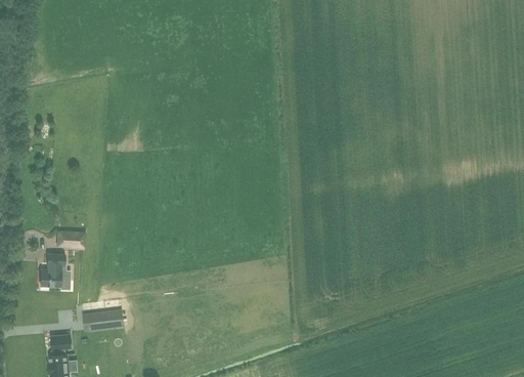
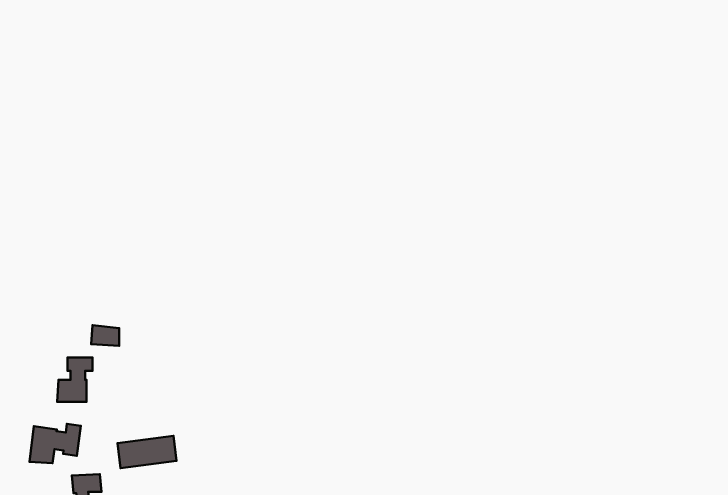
building: none -> [29,424,81,463]

